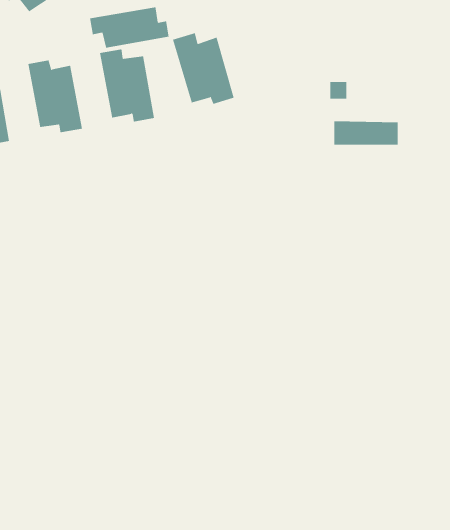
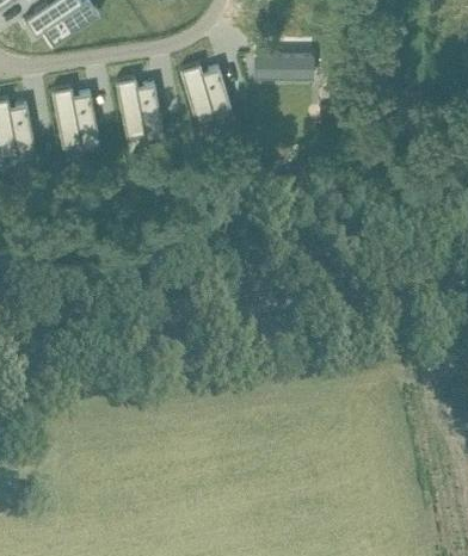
building: [89,6,169,49] -> none
building: [333,121,398,145] -> [254,55,312,76]

